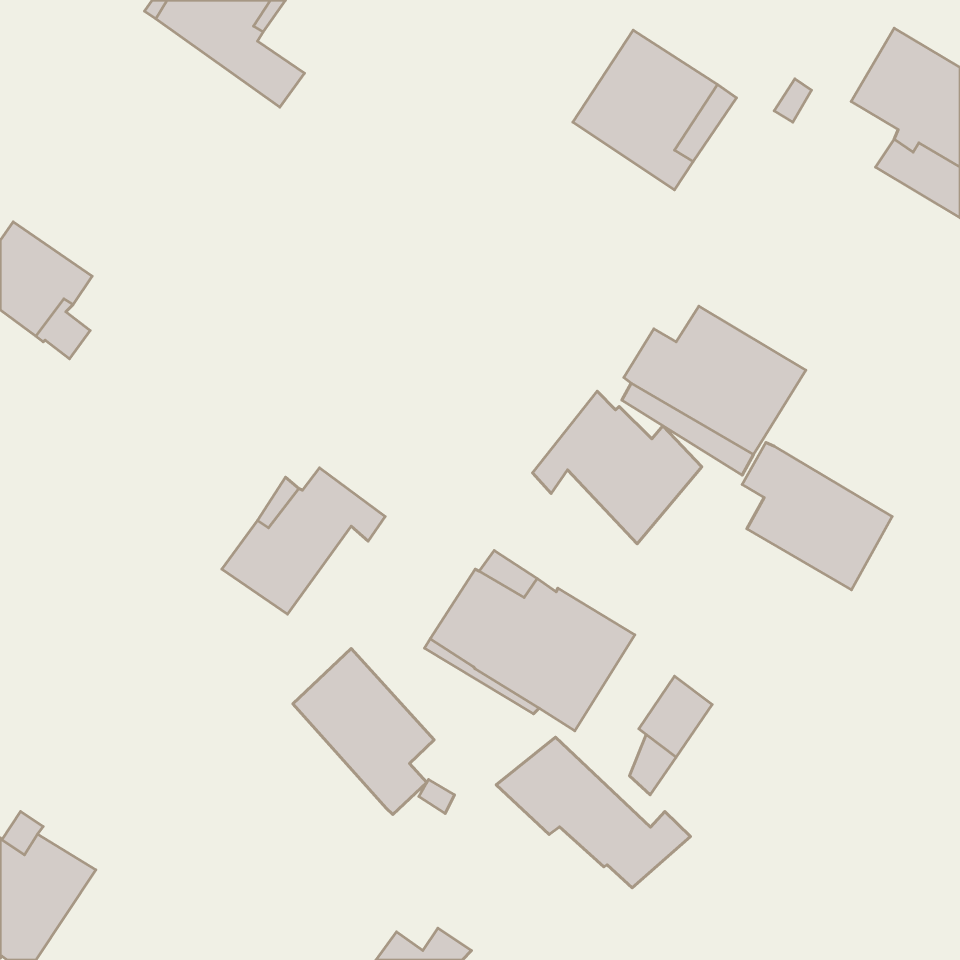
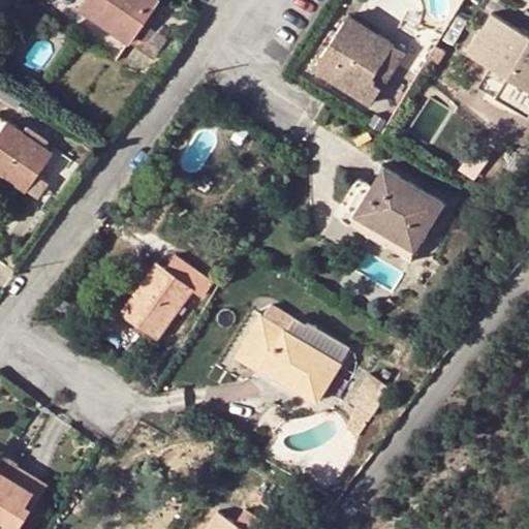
building: [533,391,702,544] -> none
building: [742,442,892,590] -> none
building: [293,648,434,814] -> none
building: [496,737,690,888] -> none

